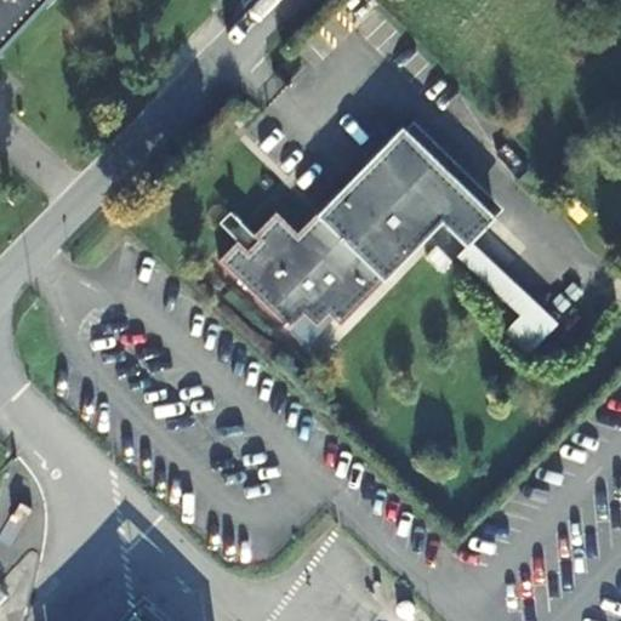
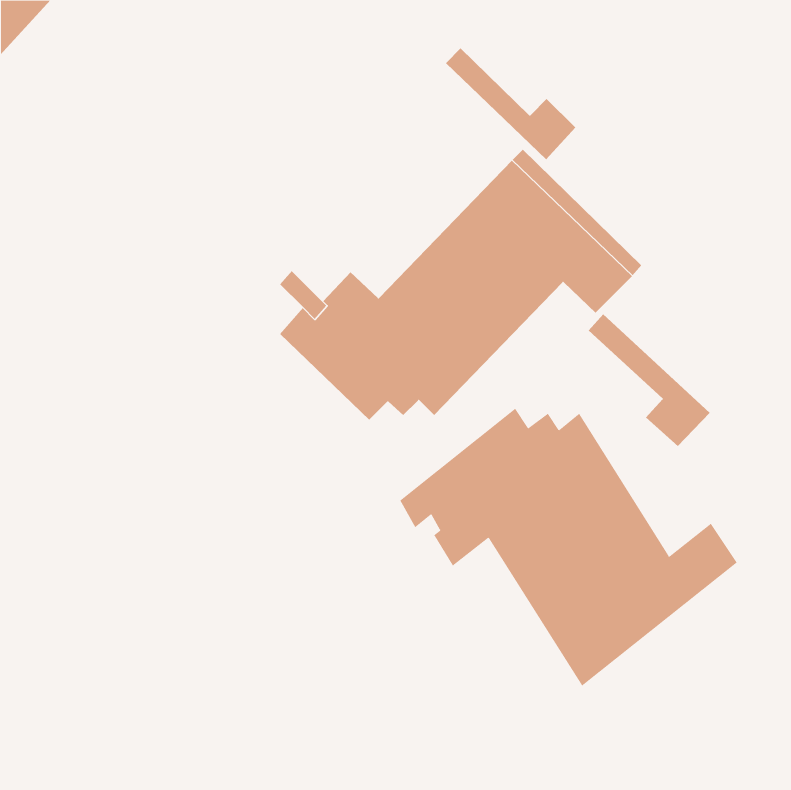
building: none -> [445,48,576,160]
building: none -> [399,408,737,686]

